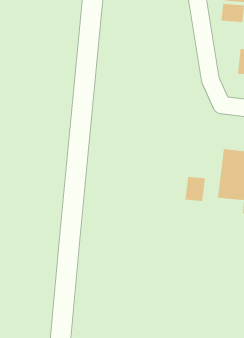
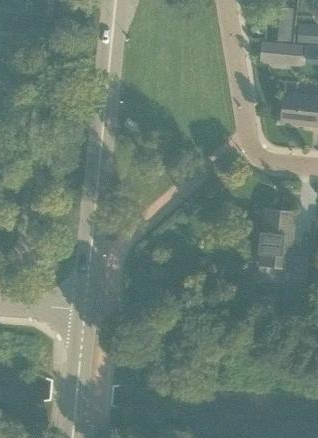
building: [185,176,205,202] -> none

